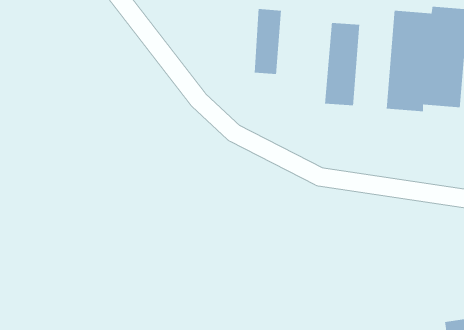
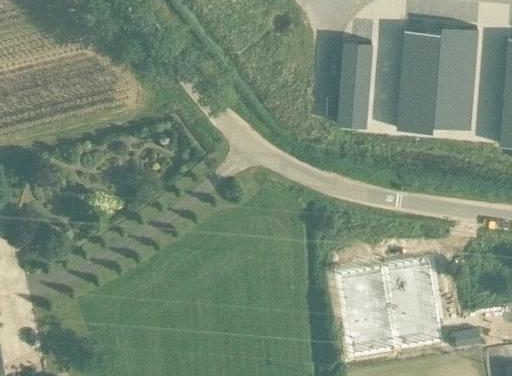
building: [254,8,282,75] -> none

